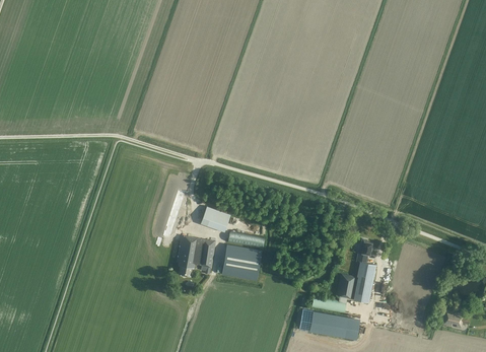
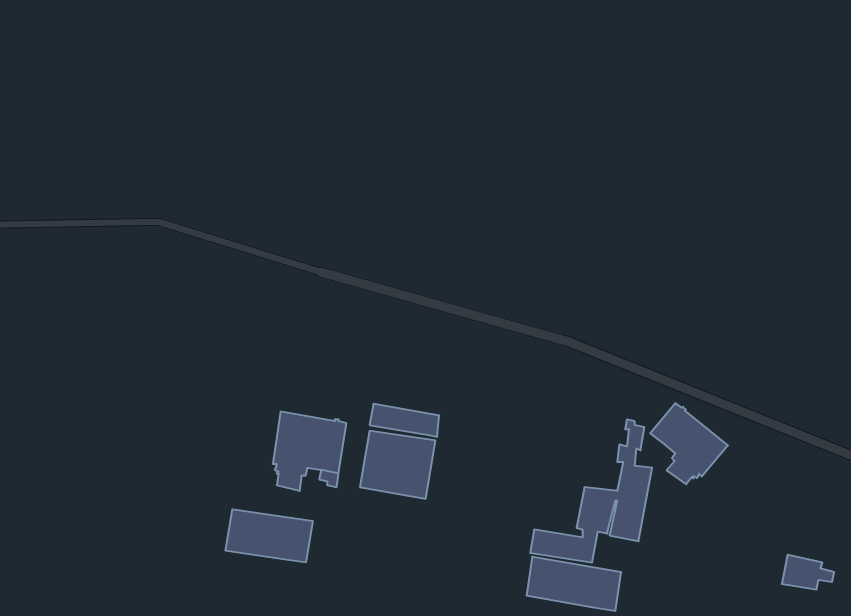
building: [200,207,230,232] -> none
building: none -> [650,403,728,484]
building: none -> [226,509,313,562]

